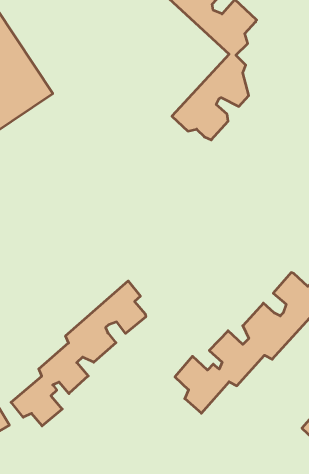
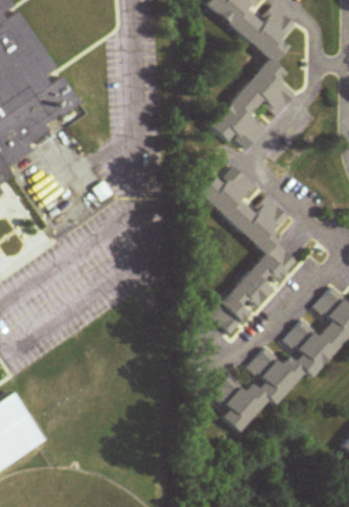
building: none -> [197,167,294,335]
building: [11,281,146,426] -> none

